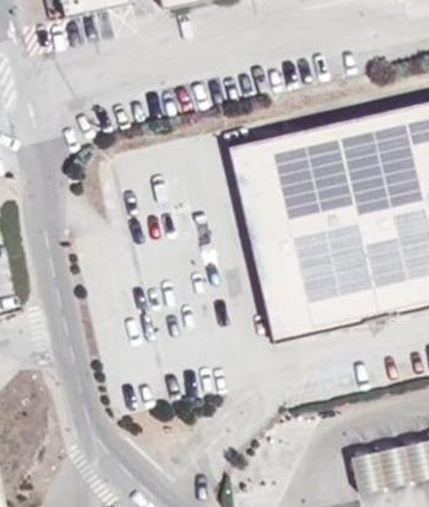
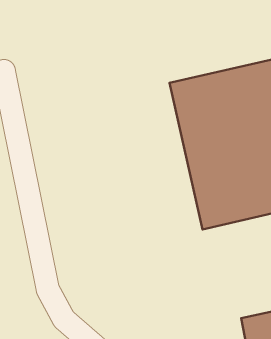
building: [227,141,296,344] -> none

